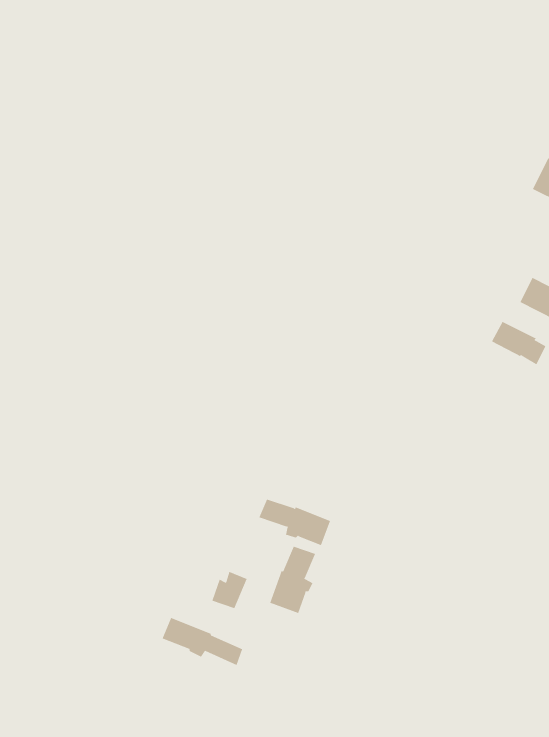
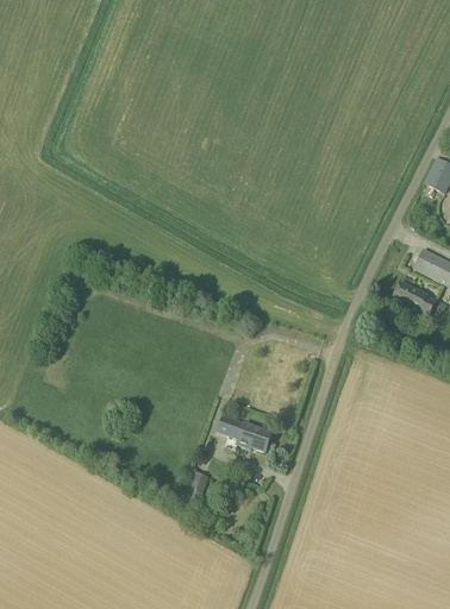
building: [270,546,316,614] -> none
building: [162,617,243,666] -> none

